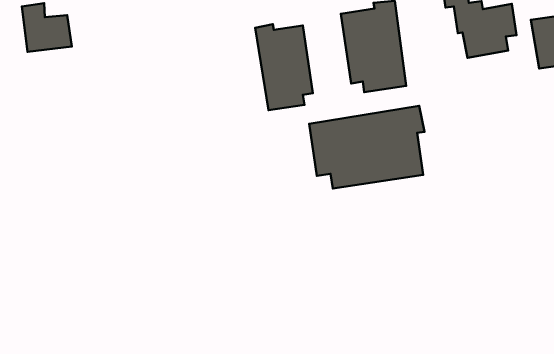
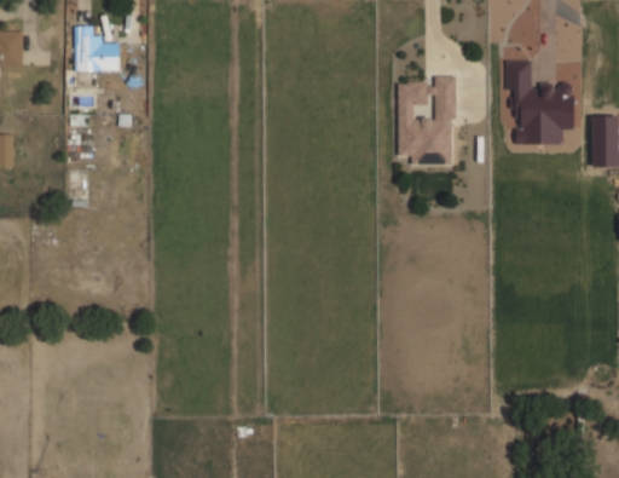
building: [255,24,313,110] -> none
building: [309,106,425,188] -> none

